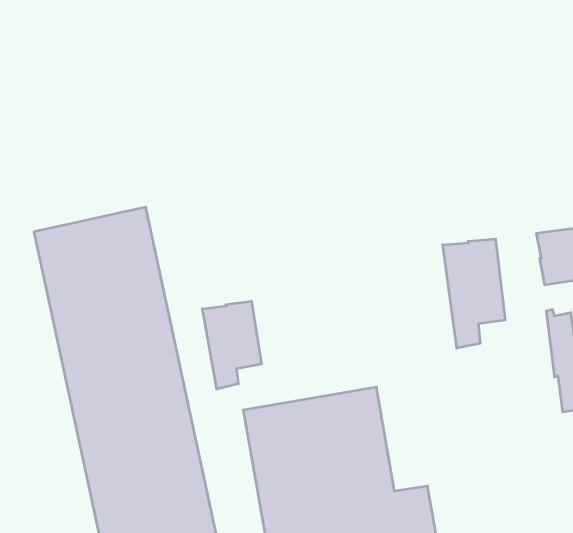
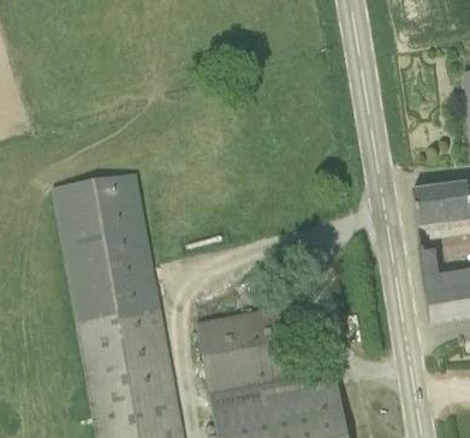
building: [443,239,505,348] -> none
building: [202,301,261,389] -> none

